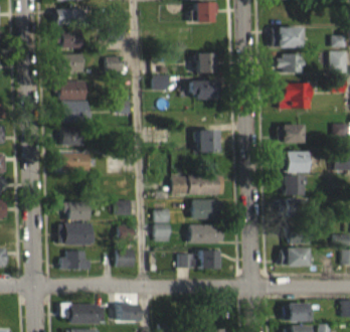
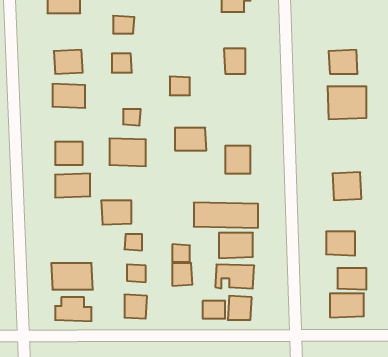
building: [276,27,303,48] -> none
building: [56,31,82,48] -> none
building: [191,80,216,99] -> [175,128,206,150]
building: [57,100,86,122] -> [109,138,146,166]
building: [278,124,303,143] -> none
building: [283,174,303,196] -> none
building: [65,201,90,220] -> [101,201,131,225]

